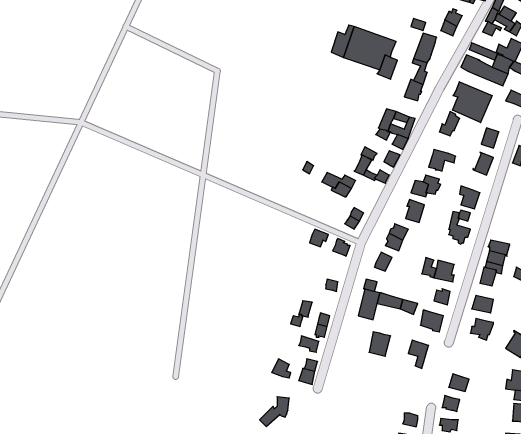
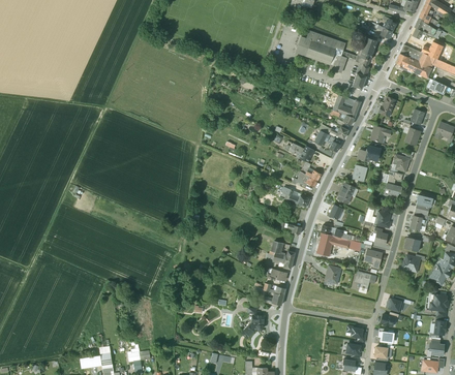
building: [452,82,492,123] -> none

